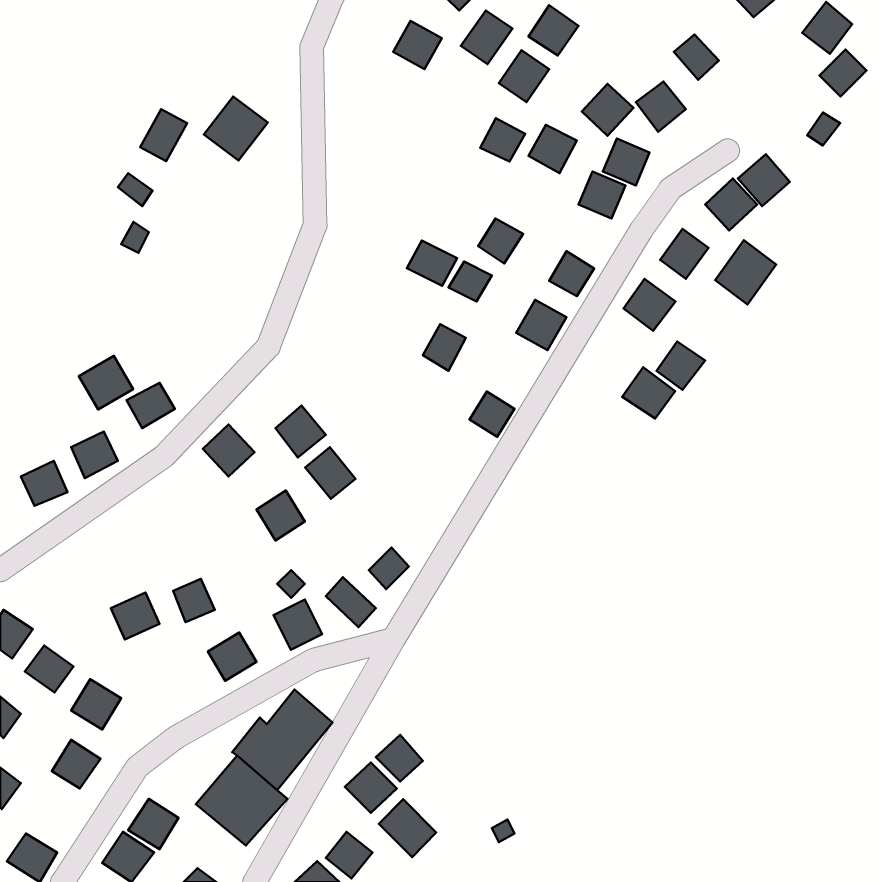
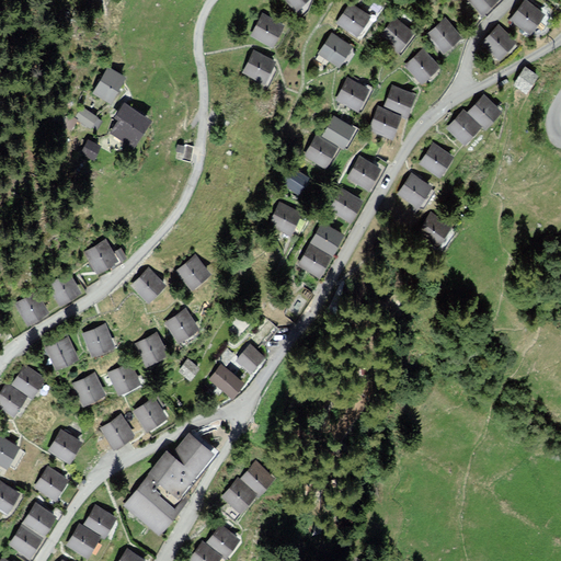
building: [461,11,513,64] -> none
building: [820,50,866,96] -> [484,27,514,57]
building: none -> [243,48,273,81]
building: [582,84,634,136] -> [379,18,412,50]
building: [204,96,268,160] -> [106,105,147,146]
building: [480,118,525,162] -> [323,117,352,145]
building: [715,240,776,305] -> none
building: [407,241,457,286] -> none
building: none -> [312,225,342,254]
building: [79,356,133,410] -> none
building: [622,367,675,418] -> none
building: [305,447,355,499] -> none
building: none -> [83,327,112,355]
building: none -> [47,339,76,369]
building: [274,599,322,650] -> [135,333,165,365]
building: [25,646,73,692] -> [13,367,44,397]
building: none -> [101,415,134,448]
building: none -> [21,503,55,537]
building: [379,799,436,857] -> none

